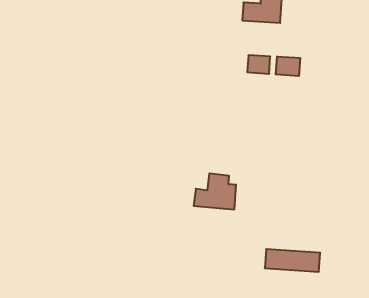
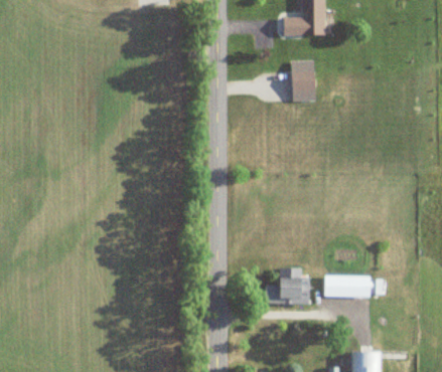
building: [276,56,300,76] -> none
building: [194,173,236,209] -> [266,266,309,303]

